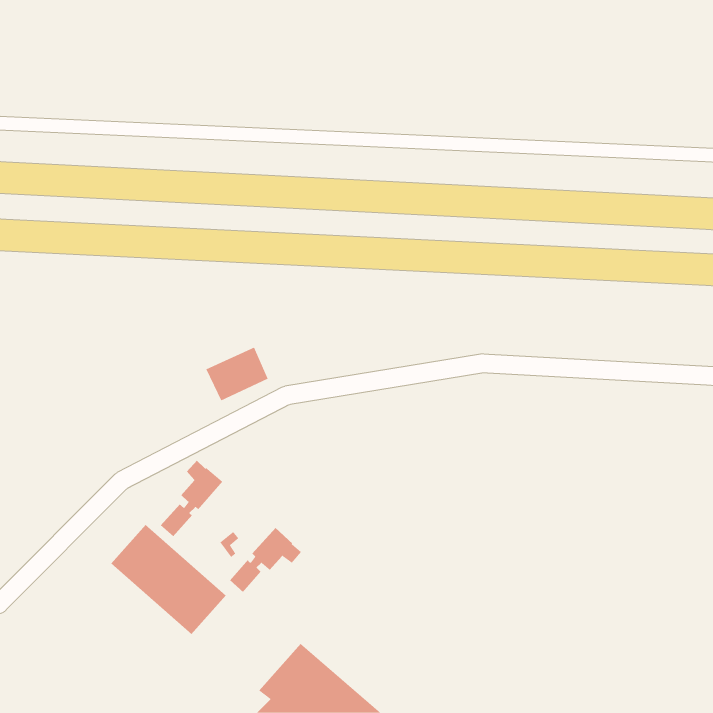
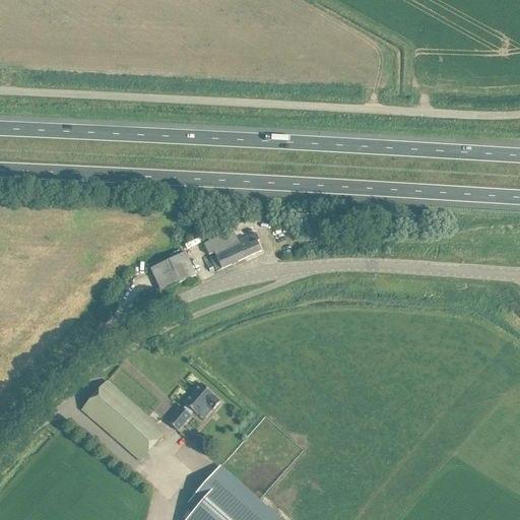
building: none -> [203,231,260,271]
building: [160,460,223,537] -> none

